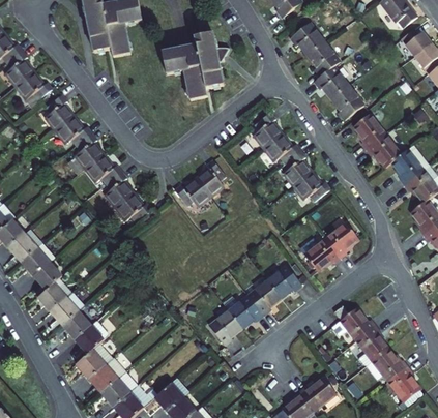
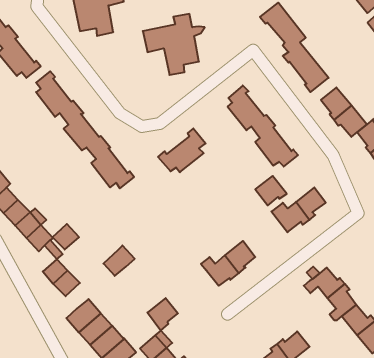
building: [266,263,300,295] -> [255,176,287,205]
building: [35,282,64,310] -> [52,224,79,250]
building: [207,309,240,345] -> [147,298,178,331]
building: [74,318,108,351] -> [103,245,135,276]

